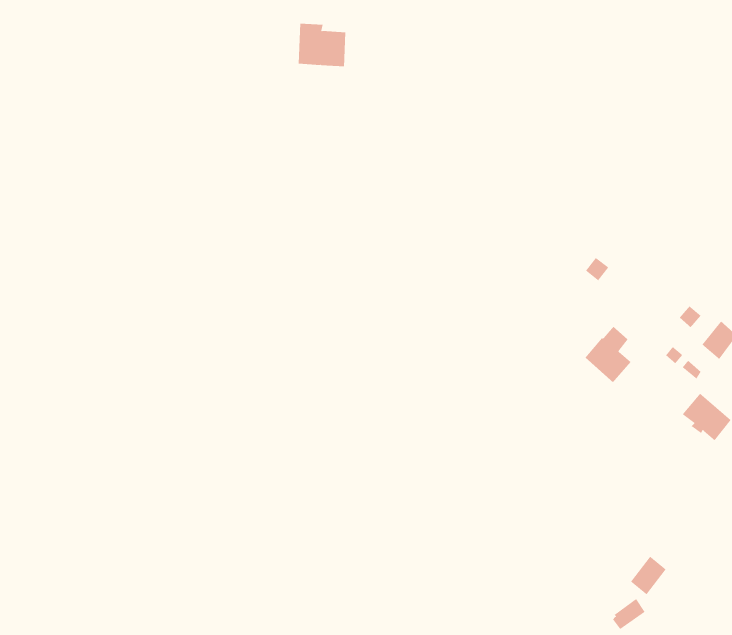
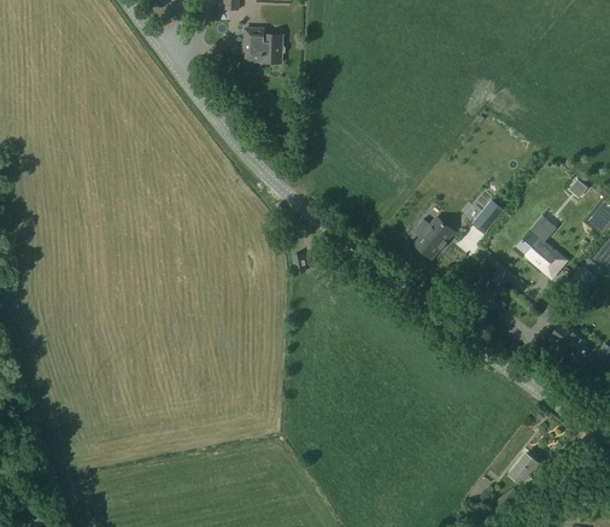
building: none -> [416,218,453,257]
building: [585,326,631,383] -> [517,219,555,265]

